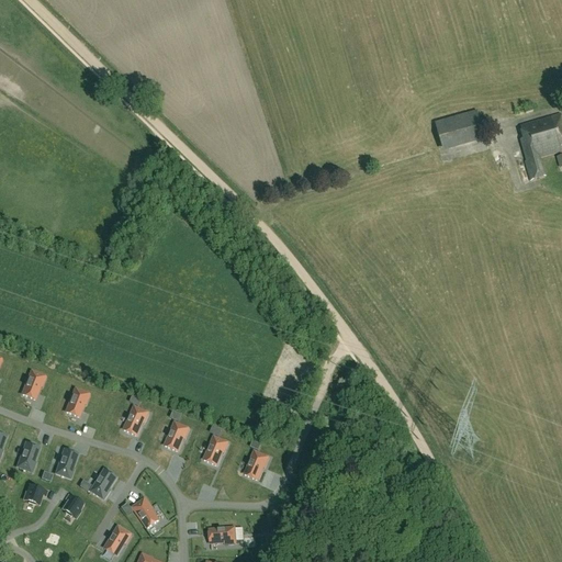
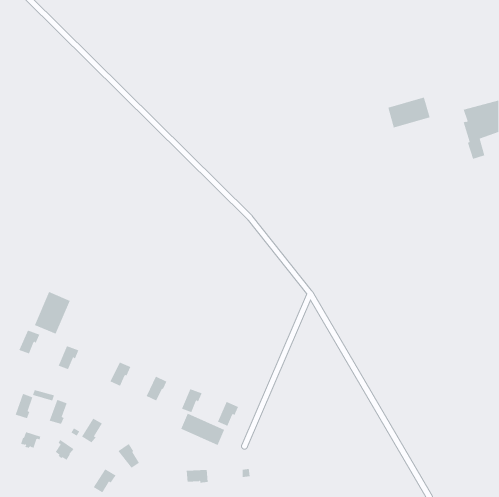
building: none -> [34,291,71,335]
building: none -> [180,413,225,446]

